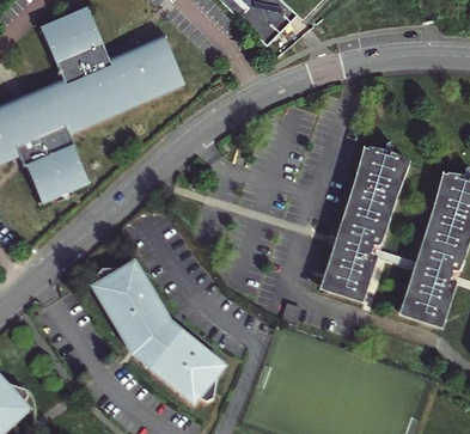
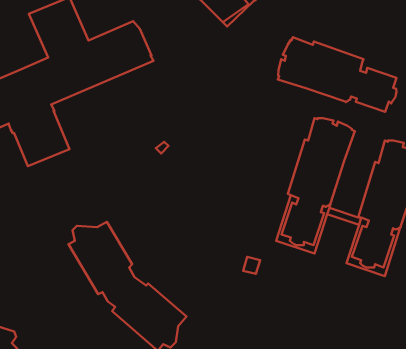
building: none -> [278,37,397,112]

